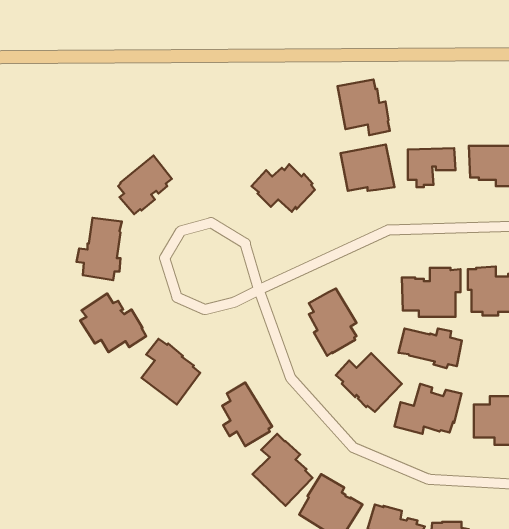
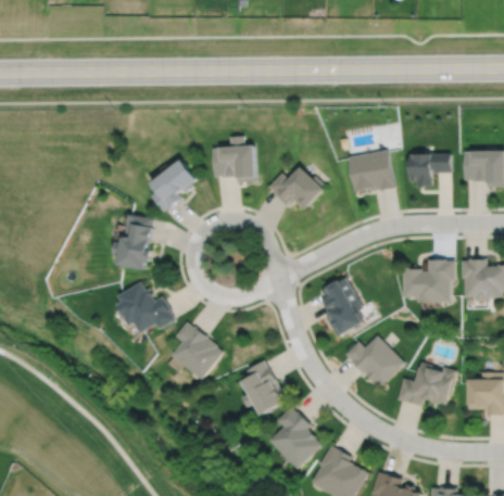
building: [337,79,390,135] -> none
building: none -> [212,136,257,182]
building: [398,328,462,368] -> none

